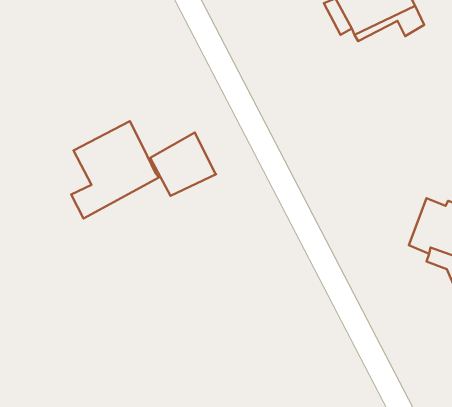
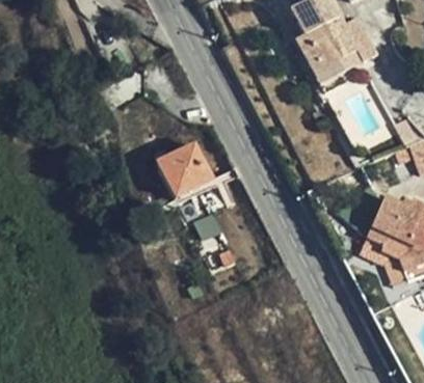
building: [71,121,159,219] -> none

